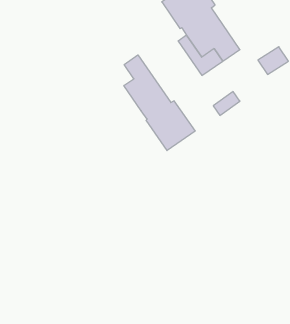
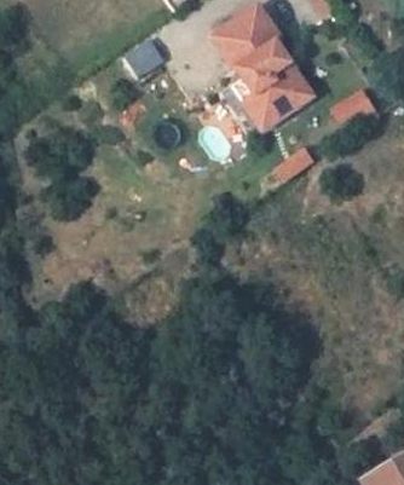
building: [124,55,195,151] -> none

